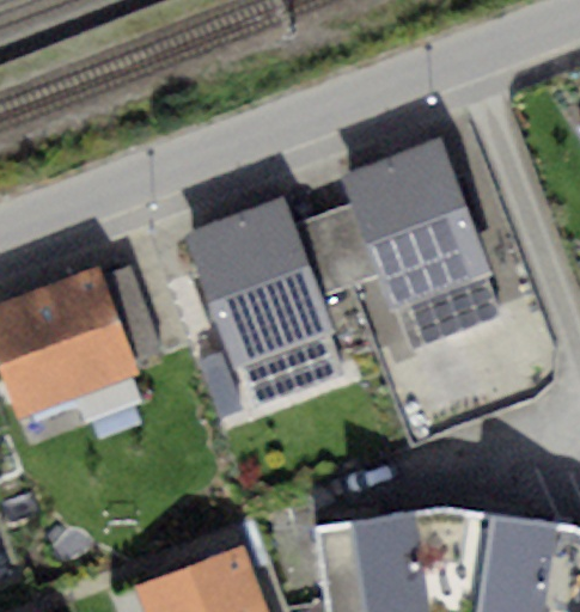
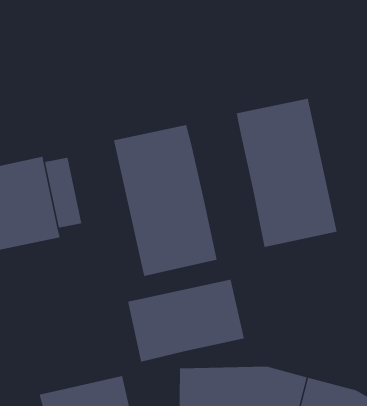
building: [292,203,380,296] -> none
building: none -> [127,279,245,362]

